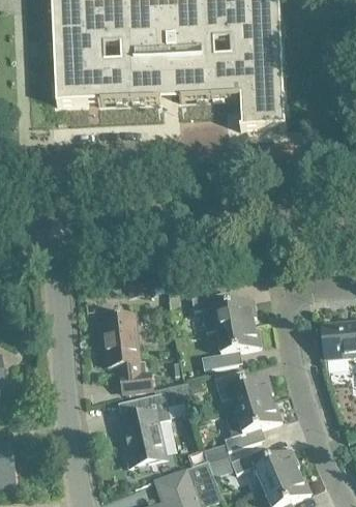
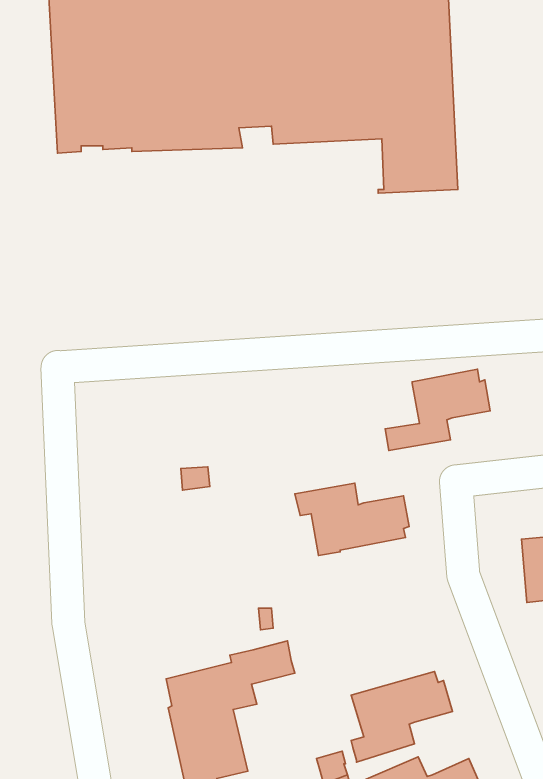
building: [101,314,152,392] -> none
building: [202,323,262,369] -> [385,369,490,451]
building: [213,371,272,410] -> none

